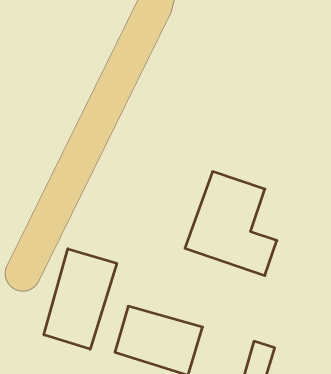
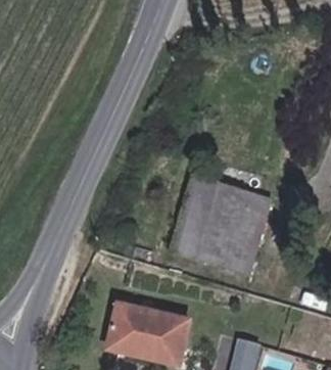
building: none -> [235,194,272,242]
building: [44,249,117,349] -> none

